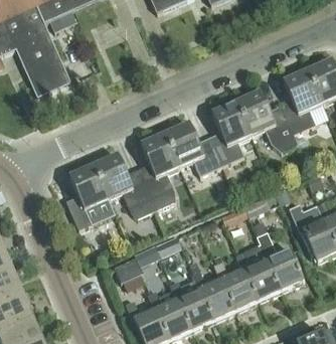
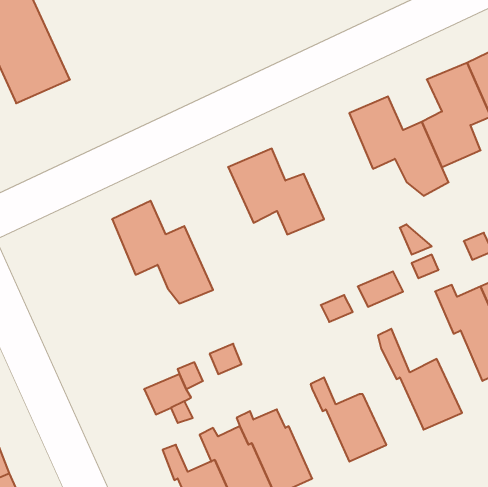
building: [210,102,251,165] -> none
building: [139,134,180,207] -> none
building: [67,165,110,228] -> none
building: [235,242,282,300] -> none
building: [192,270,237,320] -> none

